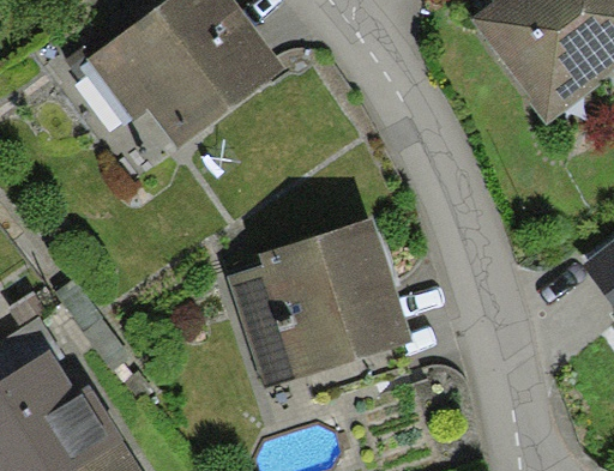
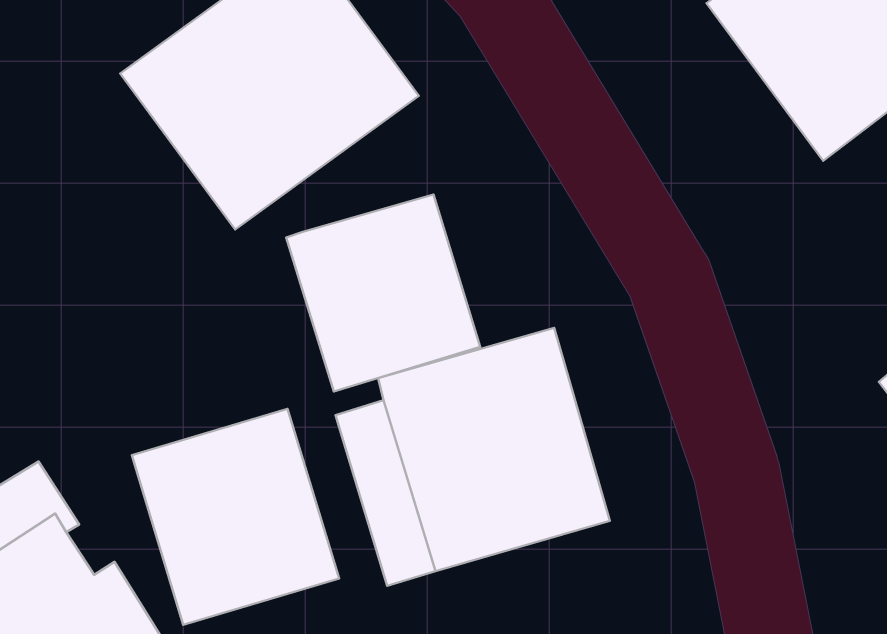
building: none -> [286,194,480,392]
building: none -> [132,409,339,625]

